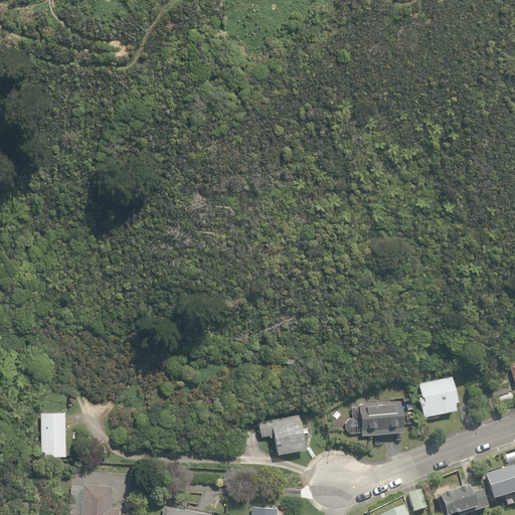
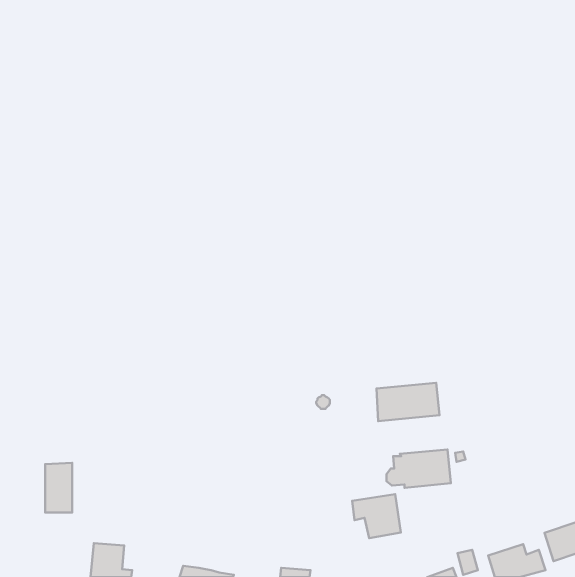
building: none -> [376,383,439,421]
building: [418,375,457,416] -> none
building: [261,415,304,455] -> [352,494,401,538]

